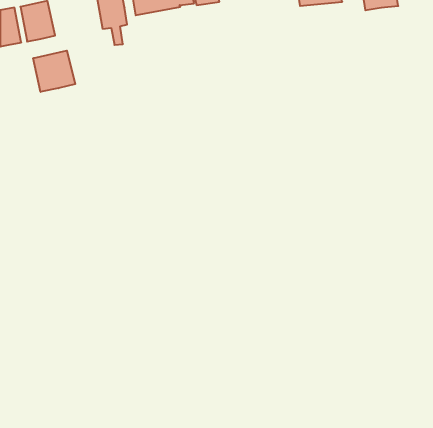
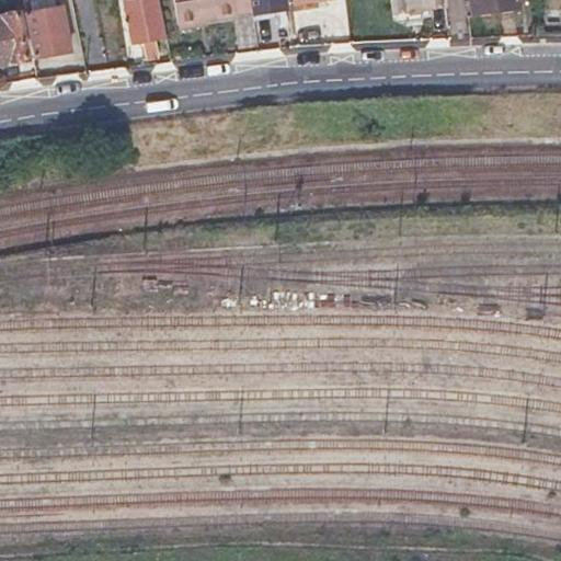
building: [33,51,75,92] -> none

